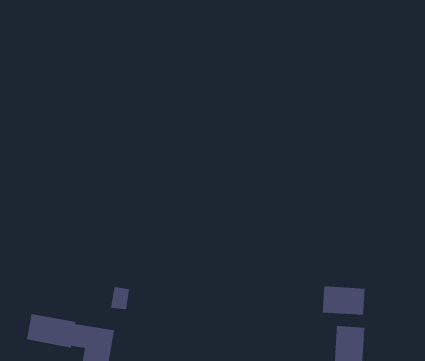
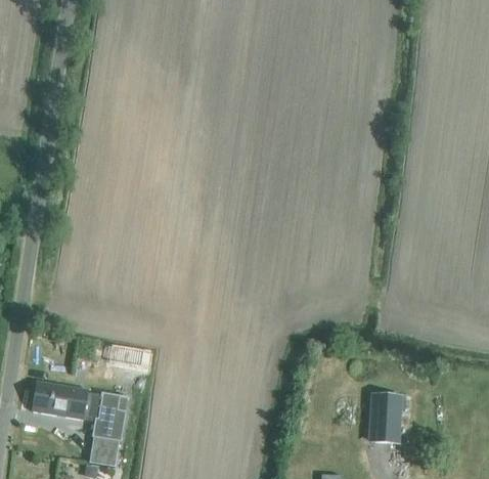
building: [322,286,365,316] -> none

